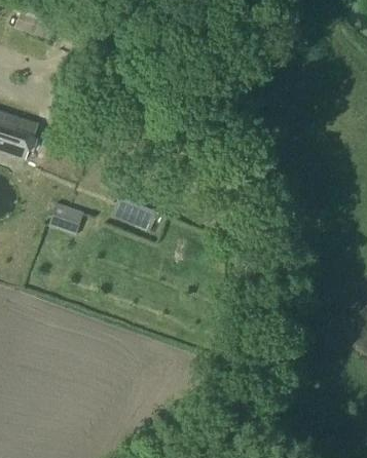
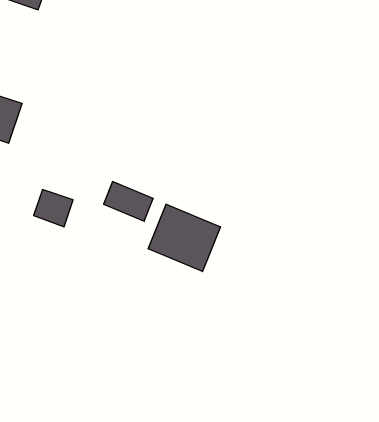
building: none -> [148,204,220,272]

